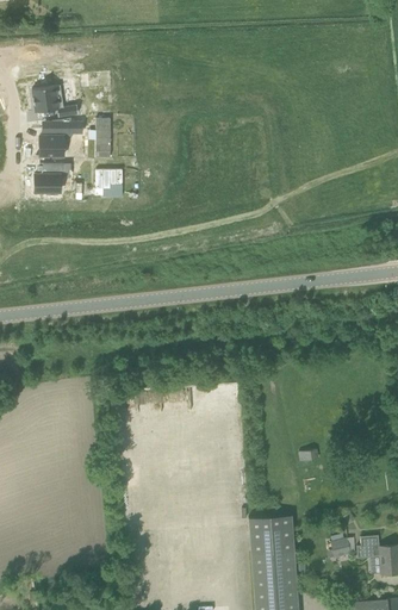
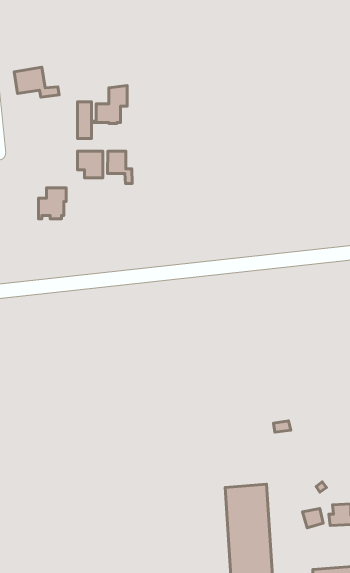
building: [37,118,71,157] -> [94,85,127,124]
building: [35,163,63,195] -> [38,188,66,219]
building: none -> [107,151,132,184]

